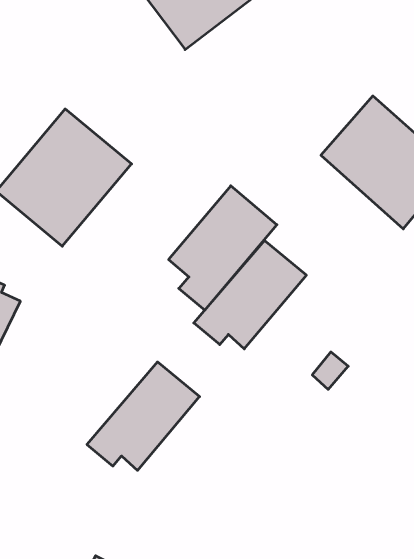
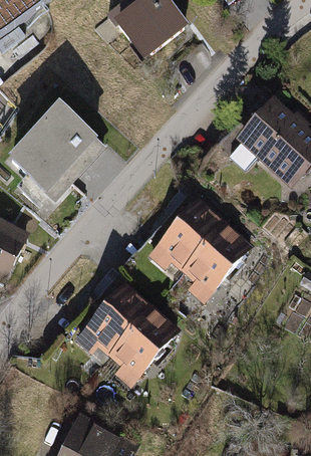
building: [169,186,277,310] -> [182,218,257,304]
building: none -> [107,302,183,389]

